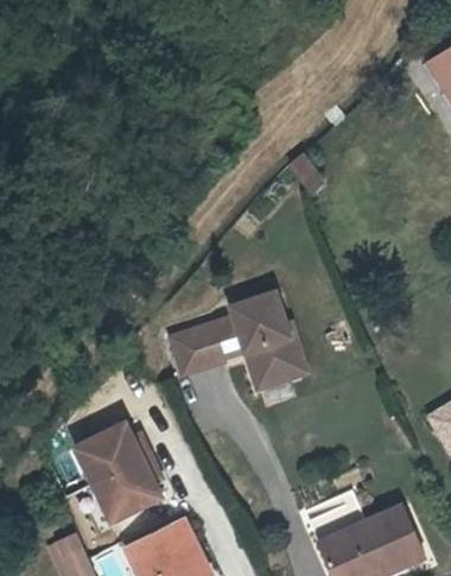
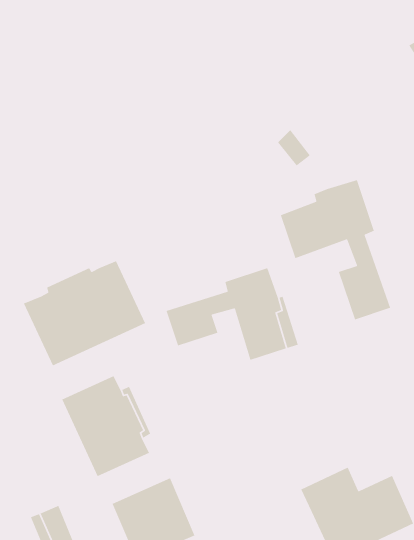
building: none -> [280,179,391,320]
building: none -> [23,260,146,367]

